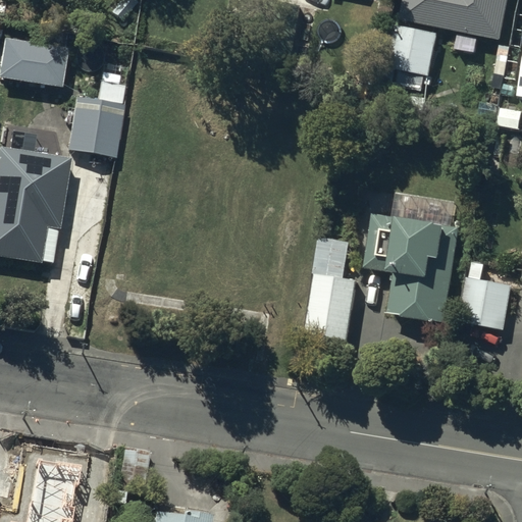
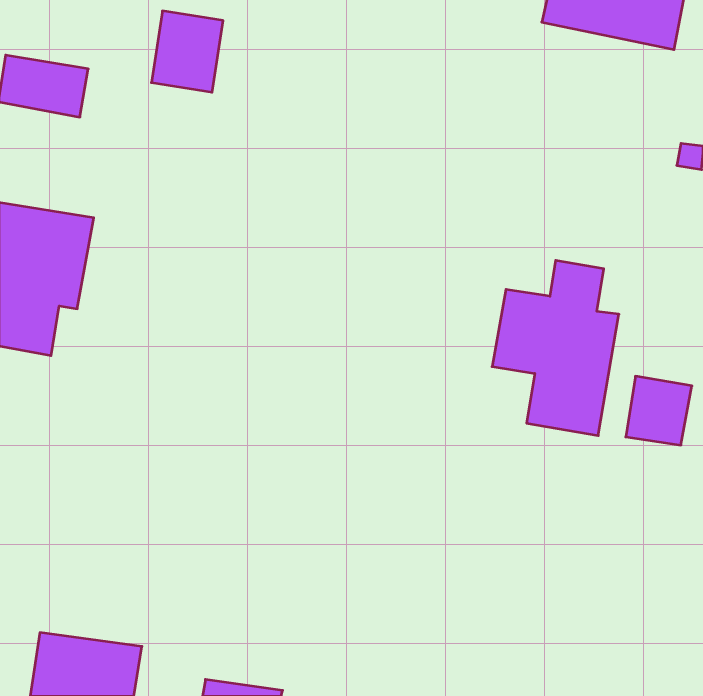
building: [386,25,436,75] -> none
building: [68,97,121,157] -> [151,11,223,92]
building: [304,238,356,351] -> none

